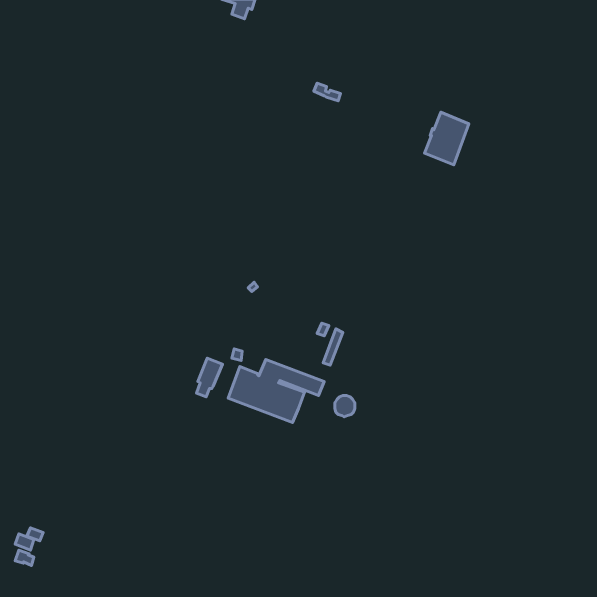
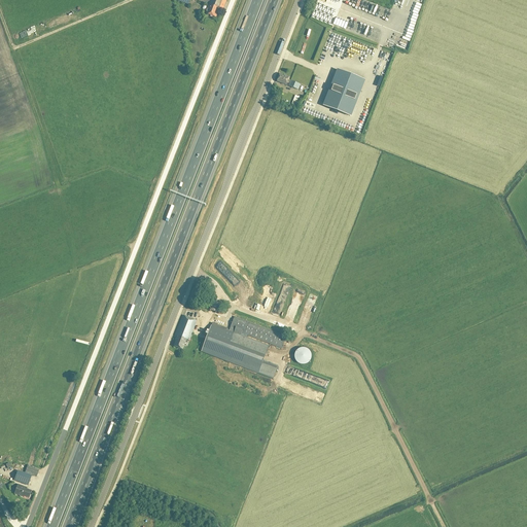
building: [424,112,469,165] -> [323,69,362,115]

